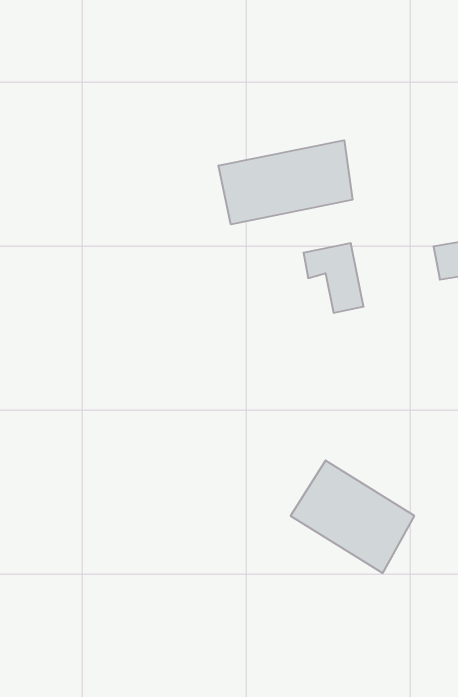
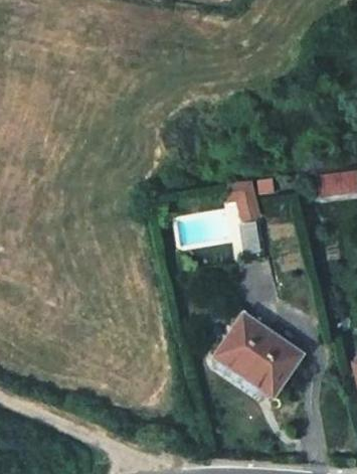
building: [219,140,352,224] -> none

